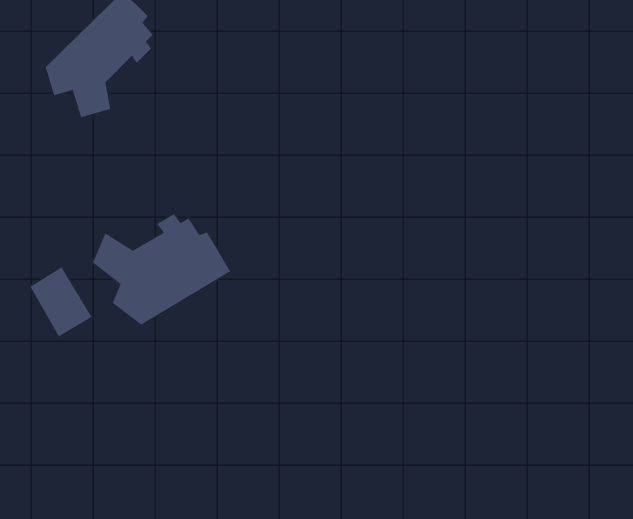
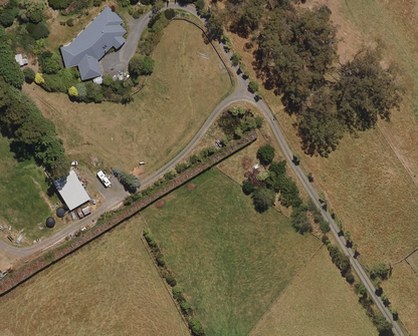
building: [92,213,231,325] -> none

